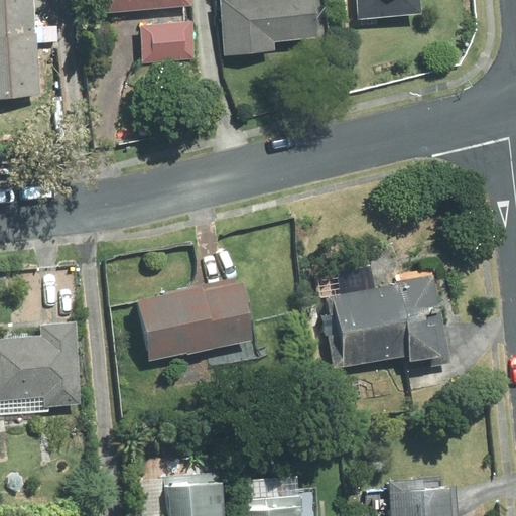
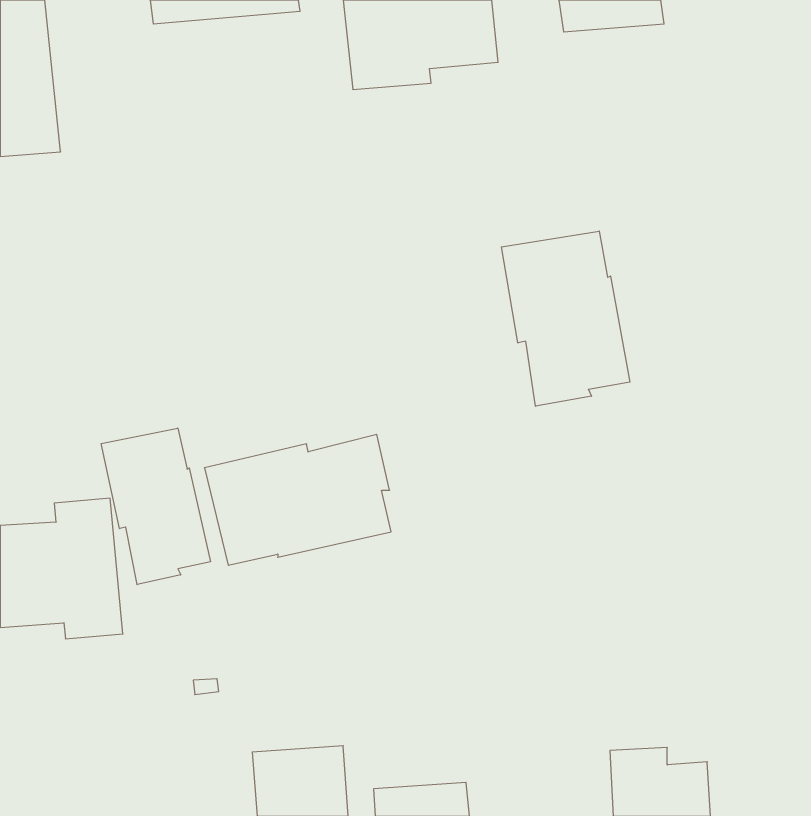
building: [141,22,197,64] -> none
building: none -> [501,231,630,406]
building: [325,270,450,369] -> none
building: none -> [101,428,210,585]

